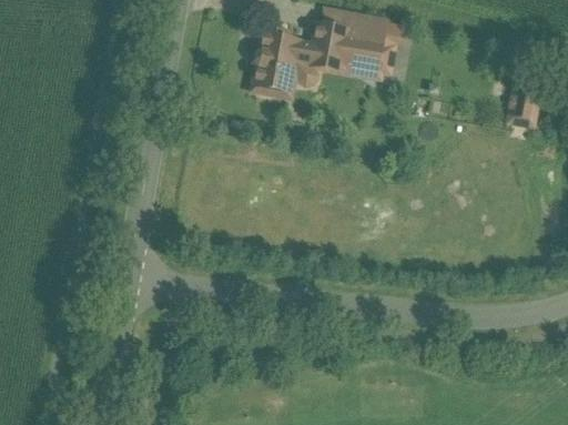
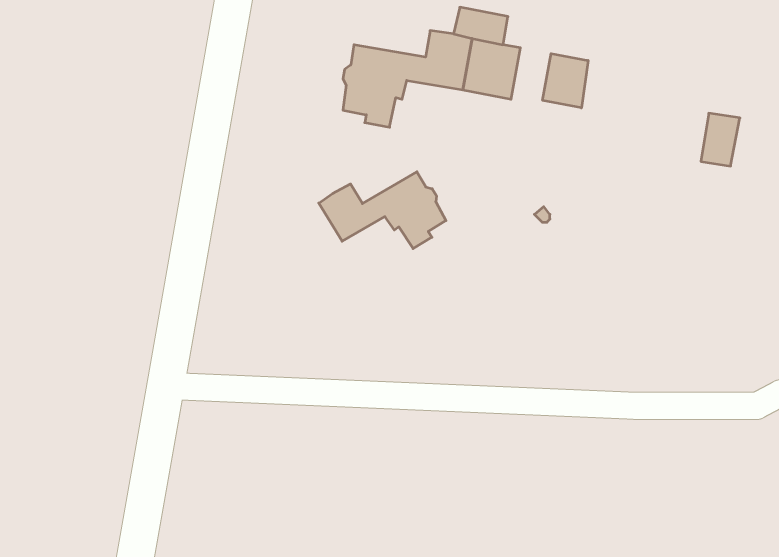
building: none -> [543,54,588,108]
building: none -> [319,172,446,249]

